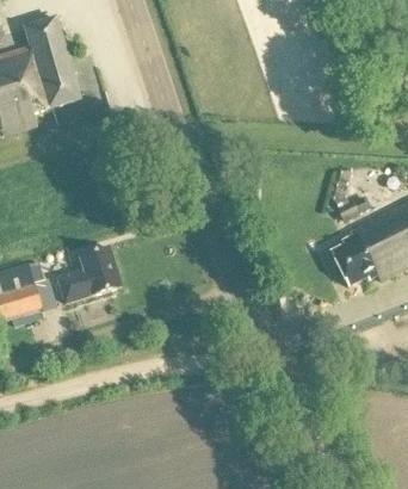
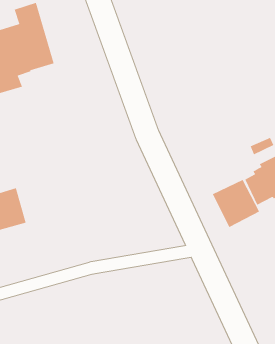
building: [58,247,122,303] -> none
building: none -> [212,179,260,228]

